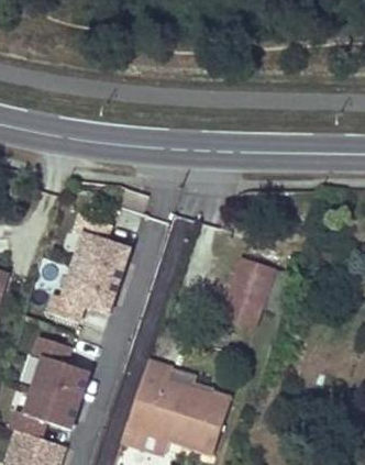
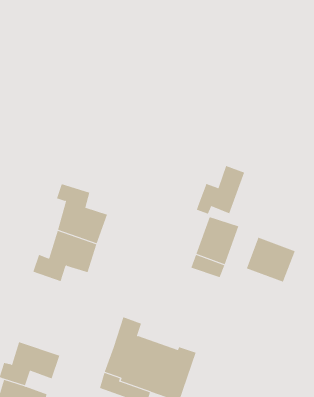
building: none -> [196,165,245,215]
building: none -> [246,237,296,282]
building: [33,337,91,403] -> none

